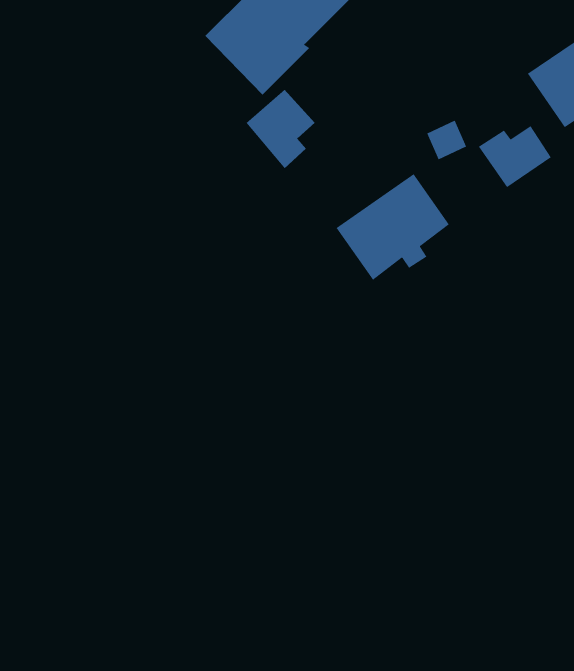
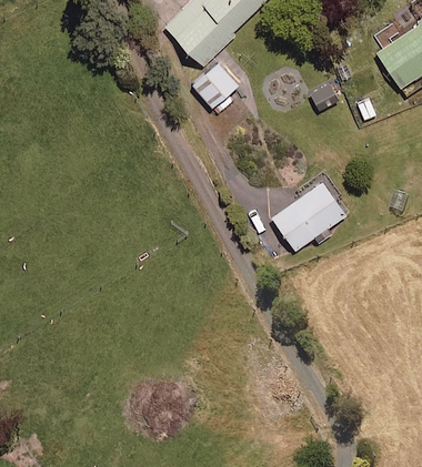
building: [478,125,552,188] -> none
building: [335,173,450,281] -> [270,181,344,251]

